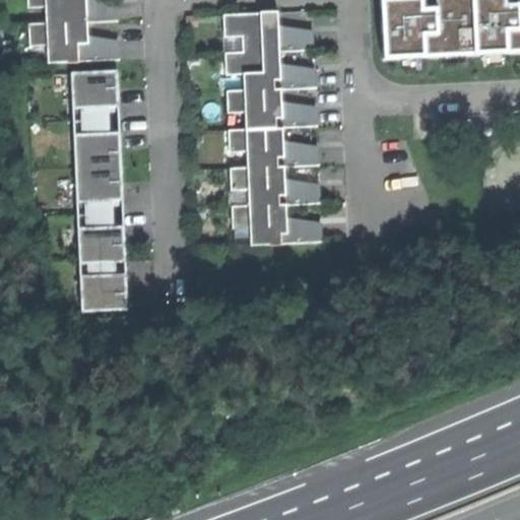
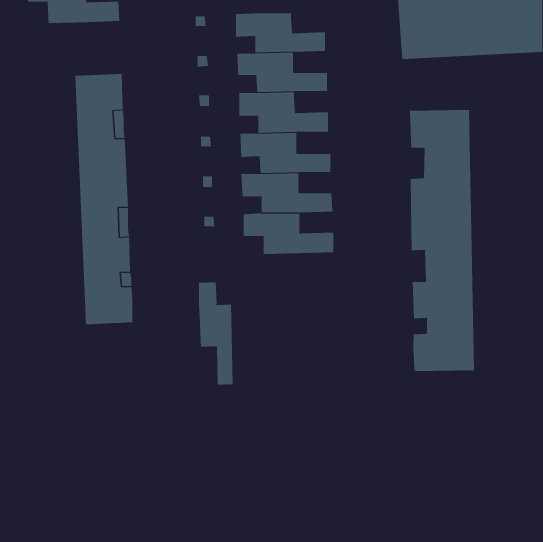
building: [28,21,116,60] -> none
building: none -> [410,109,474,372]
building: none -> [198,282,233,386]

